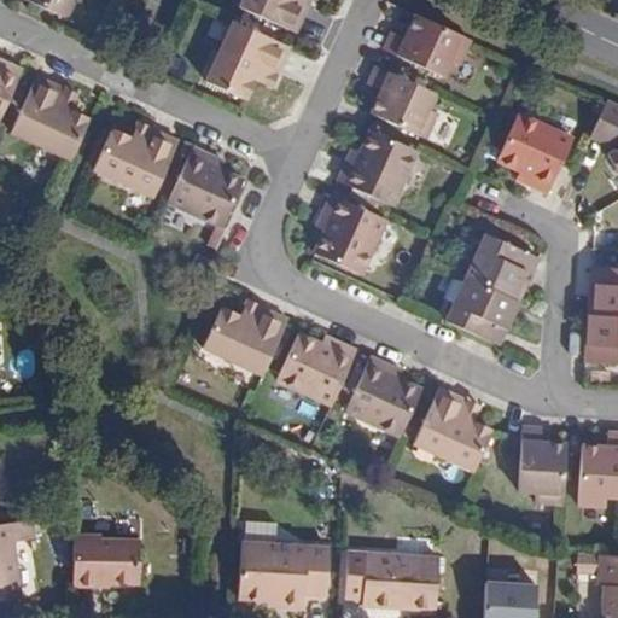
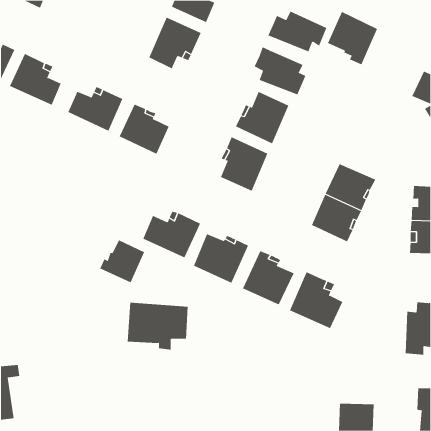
building: [495,115,567,192] -> [327,11,378,65]
building: none -> [100,239,145,283]
building: [517,427,566,505] -> none
building: [72,535,141,588] -> none
building: [239,543,327,612] -> [127,302,189,350]
building: [348,550,441,608] -> none

